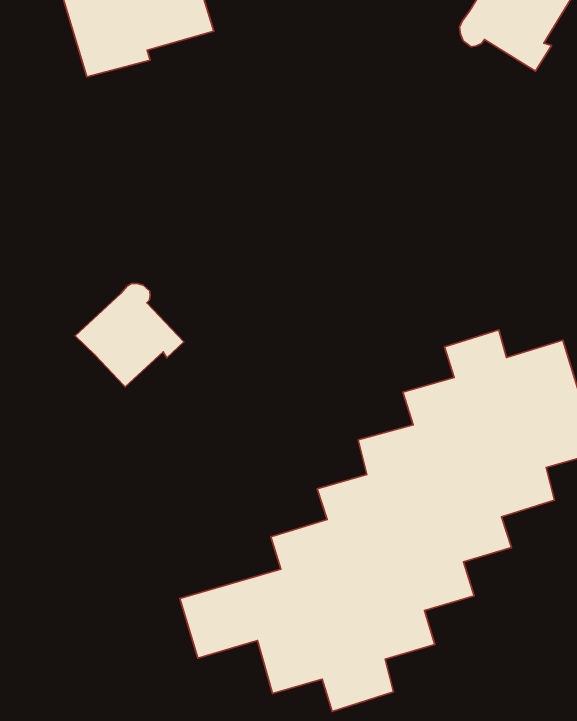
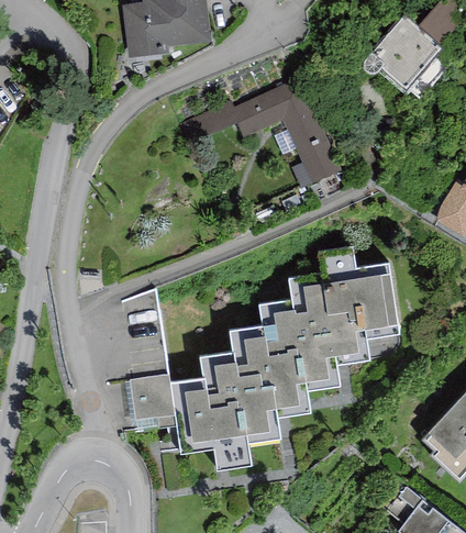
building: none -> [197,77,341,189]
building: [75,283,184,387] -> none

